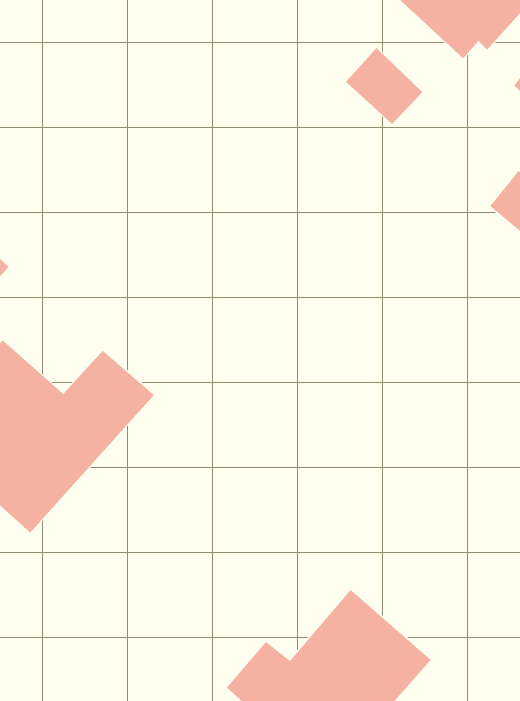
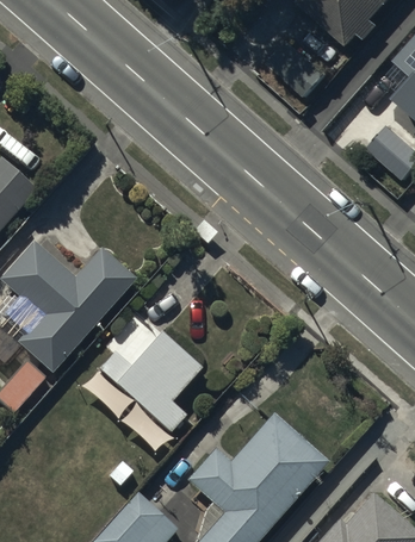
building: none -> [97,330,202,432]

